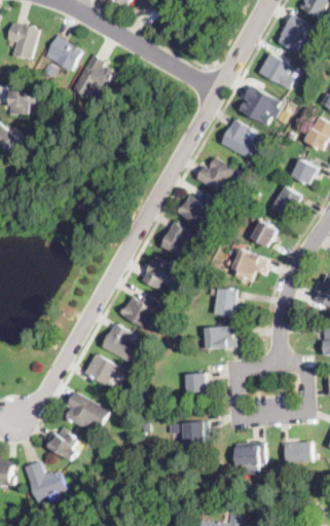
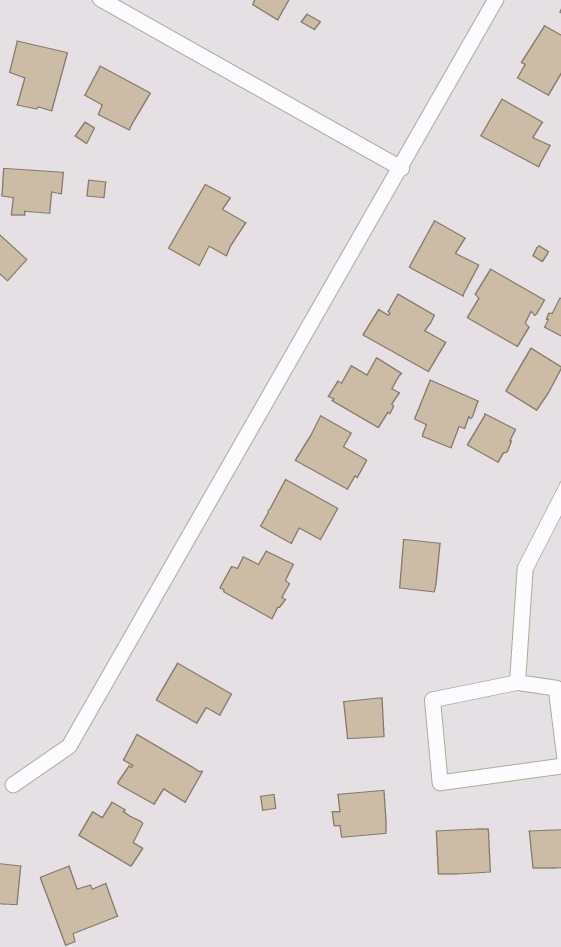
building: [72,53,113,97] -> [169,184,246,265]
building: [240,84,281,125] -> [467,269,545,346]
building: [232,247,266,283] -> [415,380,478,448]
building: [102,323,139,362] -> none
building: [205,326,234,349] -> none

